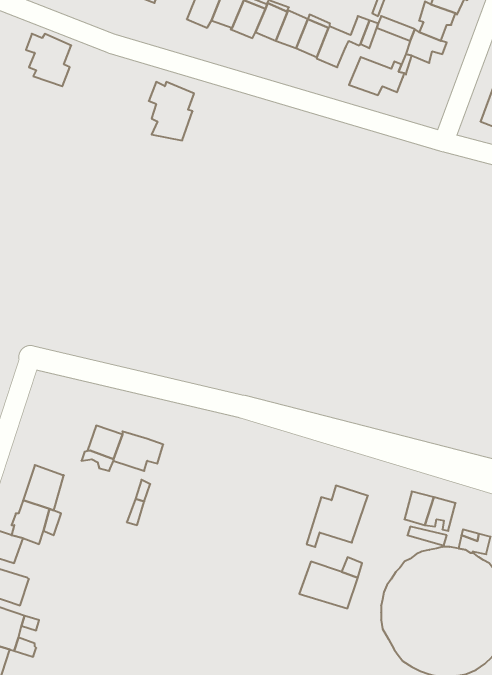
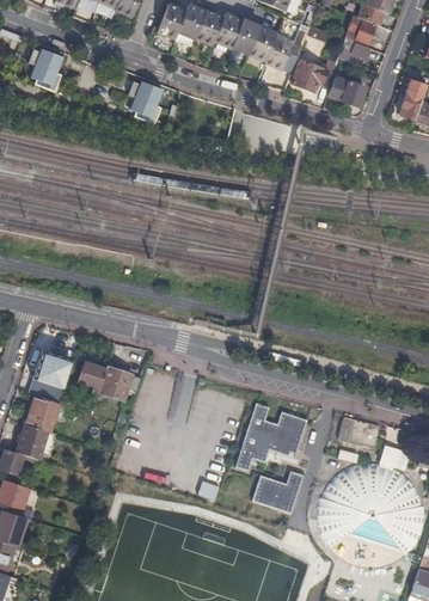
building: none -> [329,78,366,106]
building: none -> [29,350,71,403]
building: none -> [234,401,269,470]

